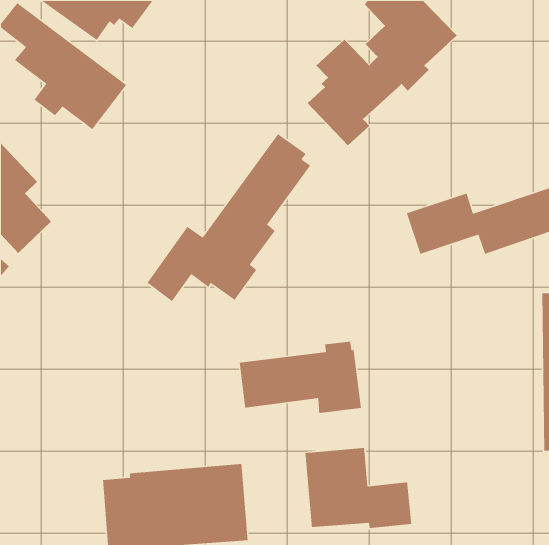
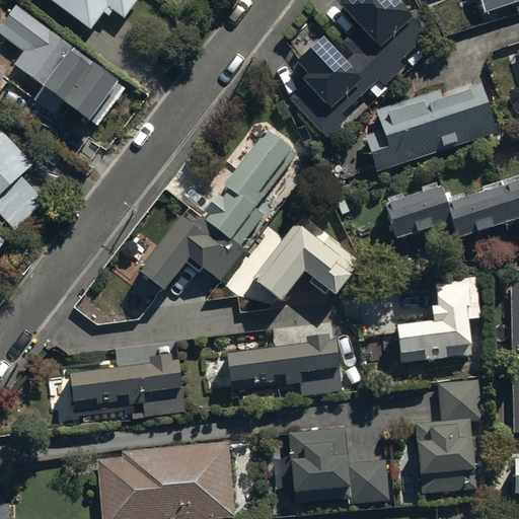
building: none -> [366,75,512,168]
building: none -> [255,228,350,302]
building: none -> [395,273,480,361]
building: none -> [71,349,183,415]
building: none -> [417,380,479,494]

